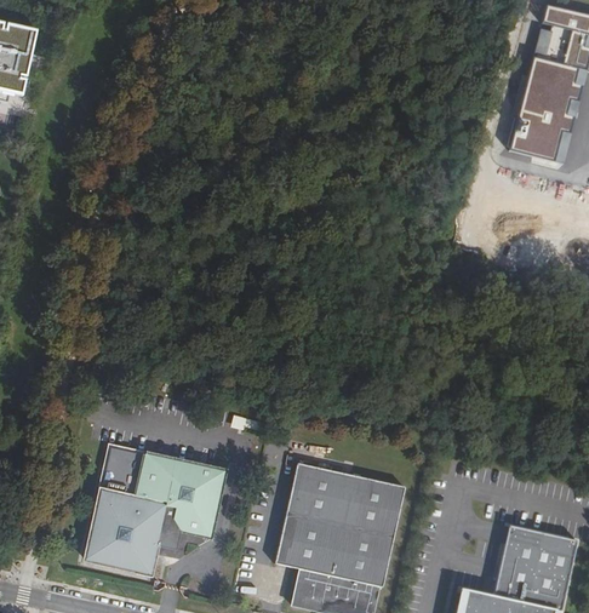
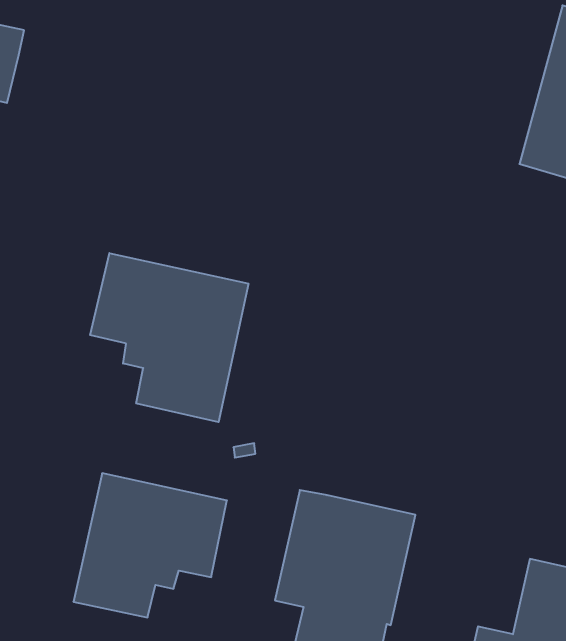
building: none -> [90,253,248,422]

